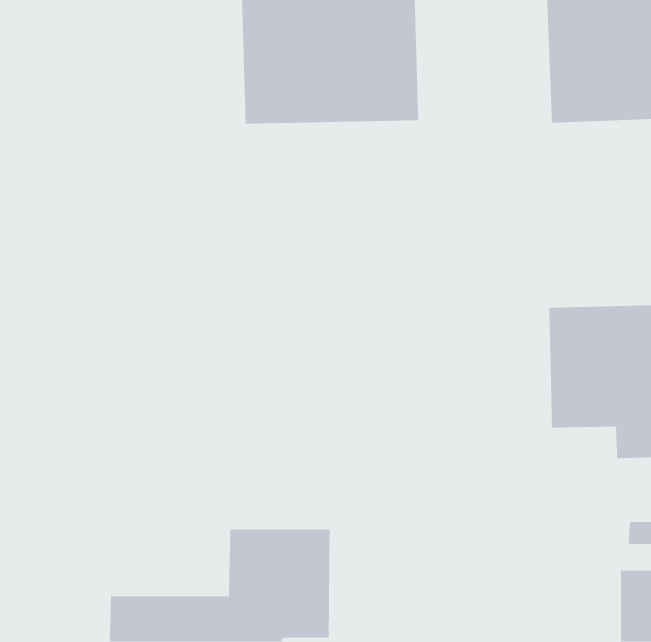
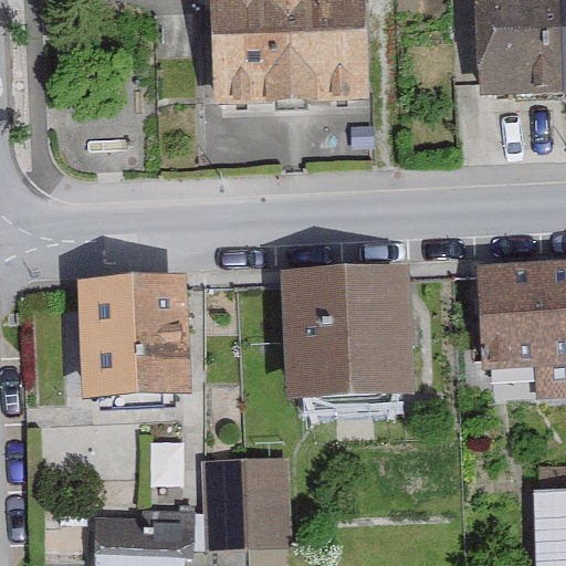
building: none -> [283,270,409,396]
building: none -> [78,272,190,398]

